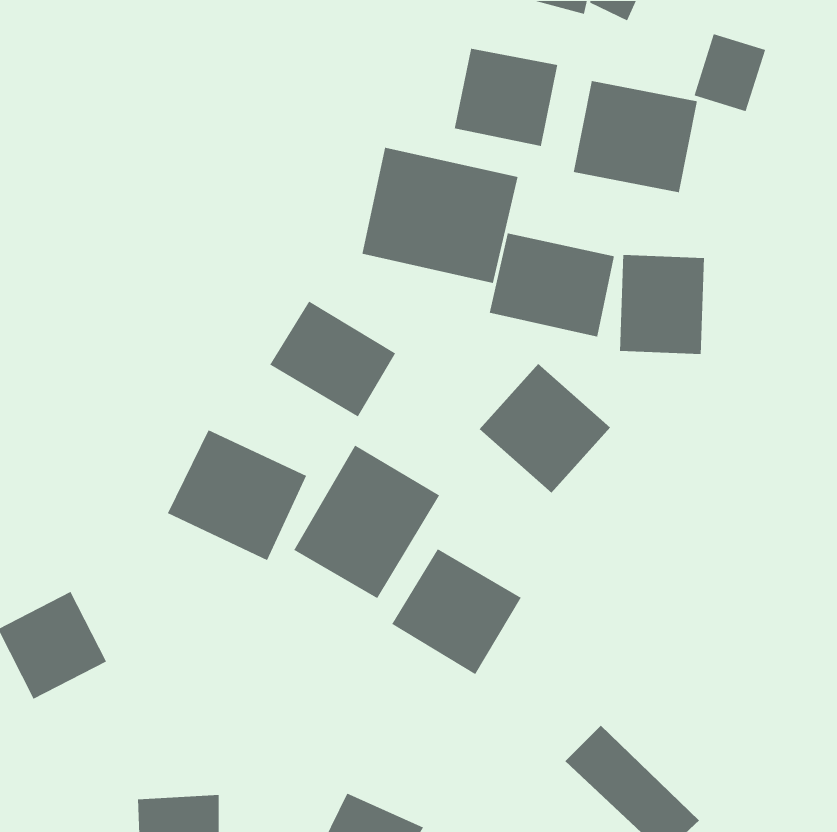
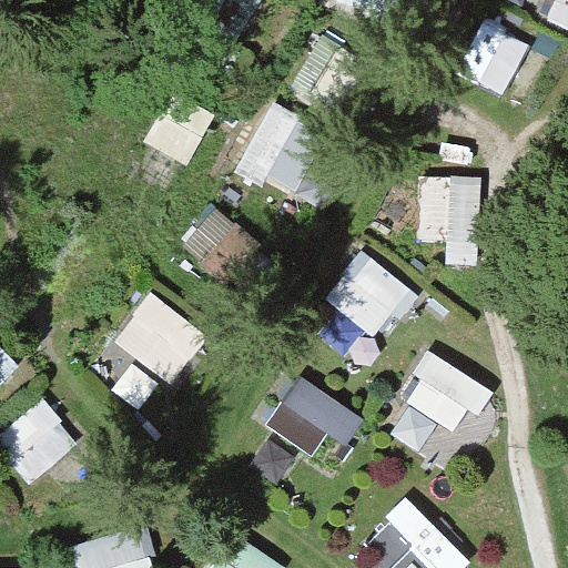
building: [573,80,698,193] -> none
building: [489,233,615,338] -> none
building: [293,445,440,599] -> none
building: none -> [396,357,475,452]

